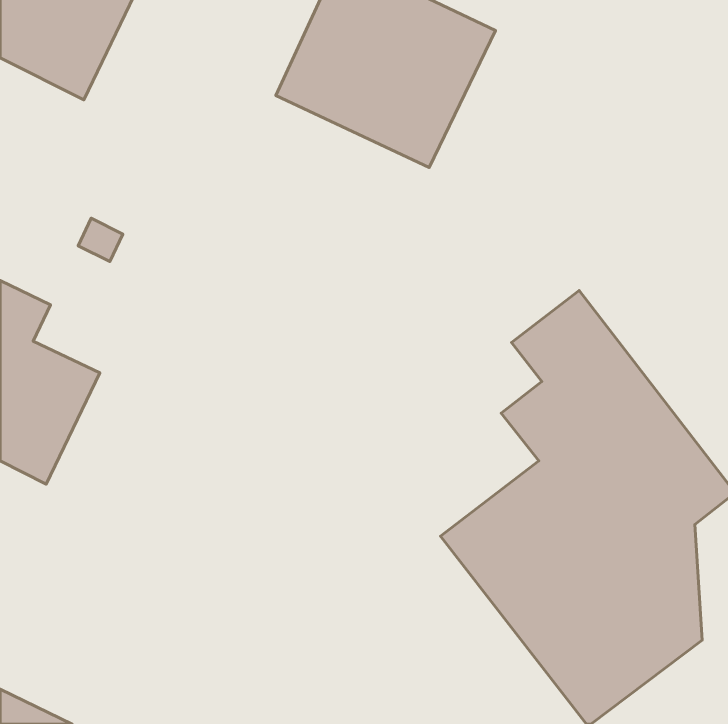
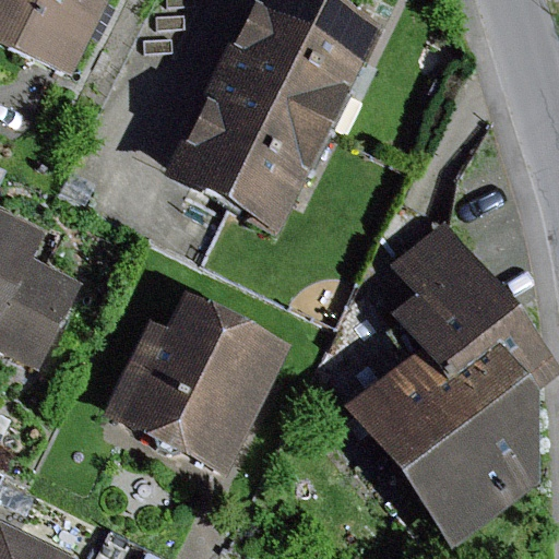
building: none -> [167,72,332,229]
building: none -> [106,292,290,471]

